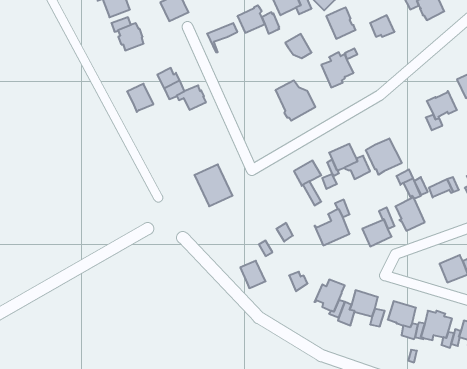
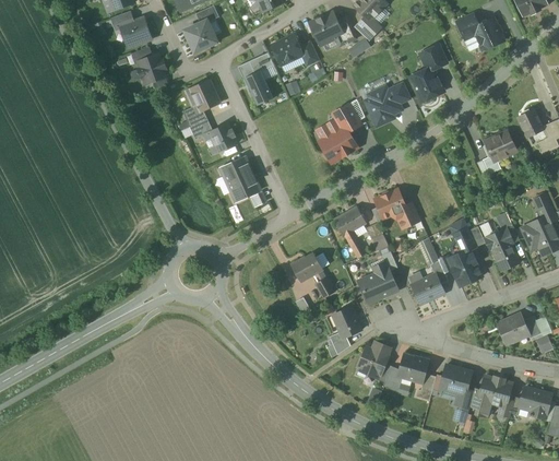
building: [326,7,356,39] -> [409,67,442,102]
building: [285,34,312,58] -> [331,103,360,130]
building: none -> [245,69,272,104]
building: [127,84,153,112] -> [189,80,218,111]
building: [366,138,402,175] -> none
building: [194,164,233,206] -> [218,157,261,204]
building: none -> [490,240,519,270]
building: none -> [289,253,322,282]
building: [240,261,266,288] -> [332,307,360,338]

